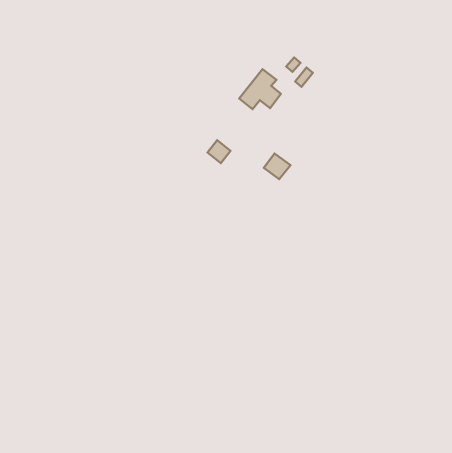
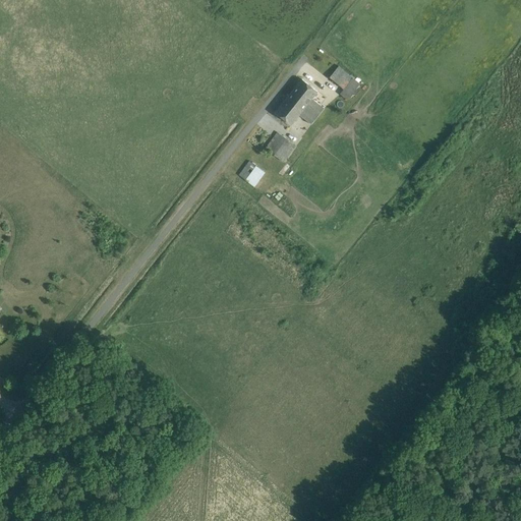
building: [264,154,291,179] -> [266,131,296,161]

